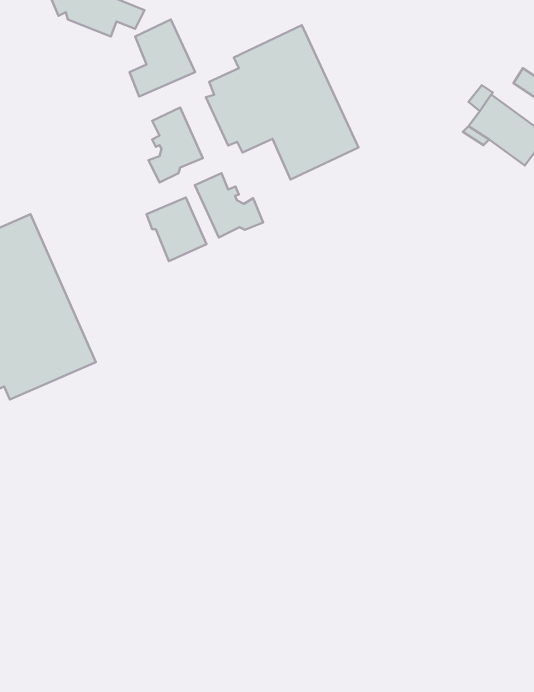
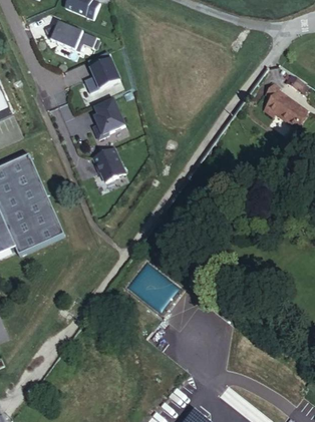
building: [206,25,359,180] -> none
building: [195,173,263,238] -> none

